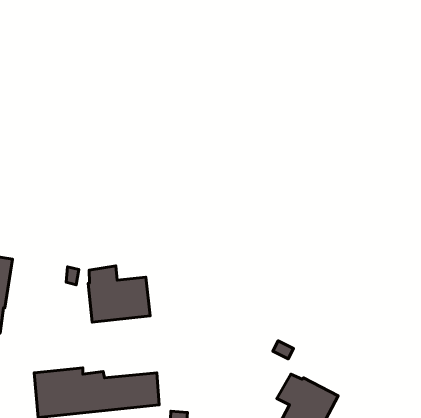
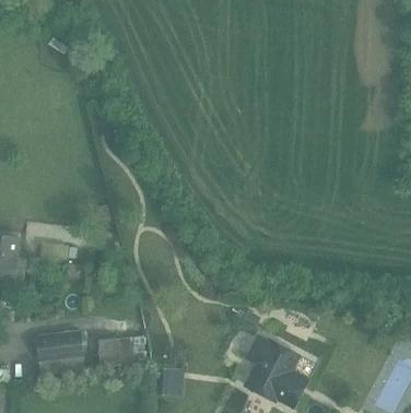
building: [88,266,150,322] -> none

